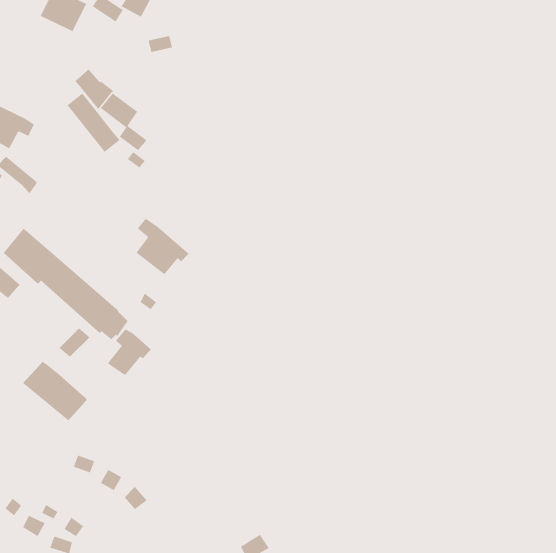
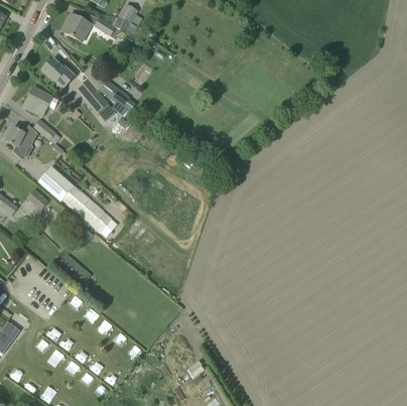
building: none -> [42,57,75,88]
building: [136,218,189,275] -> none
building: [107,328,152,376] -> none

